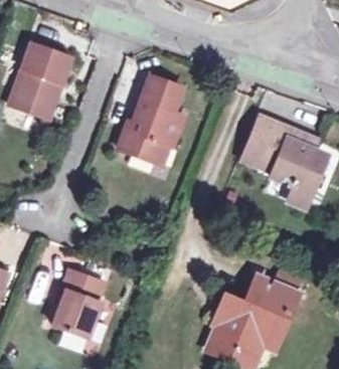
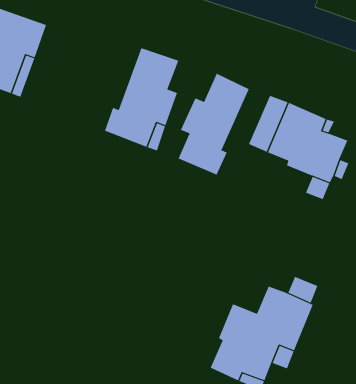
building: none -> [178,73,250,175]
building: [52,269,103,339] -> none

